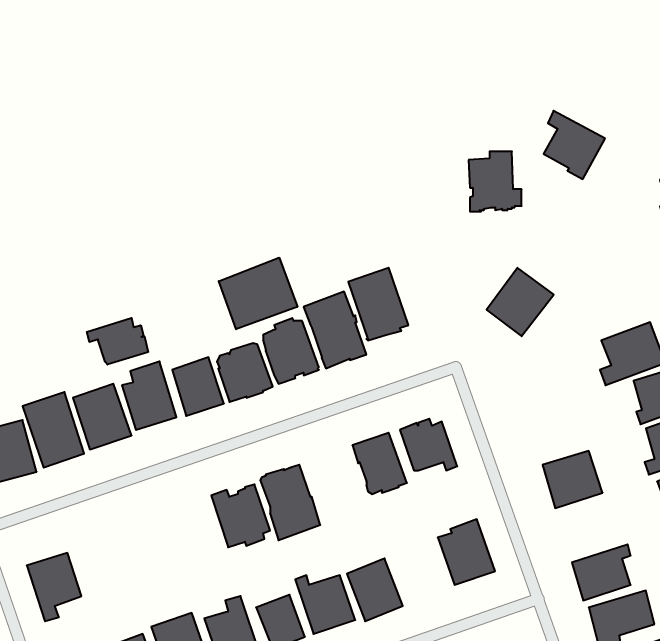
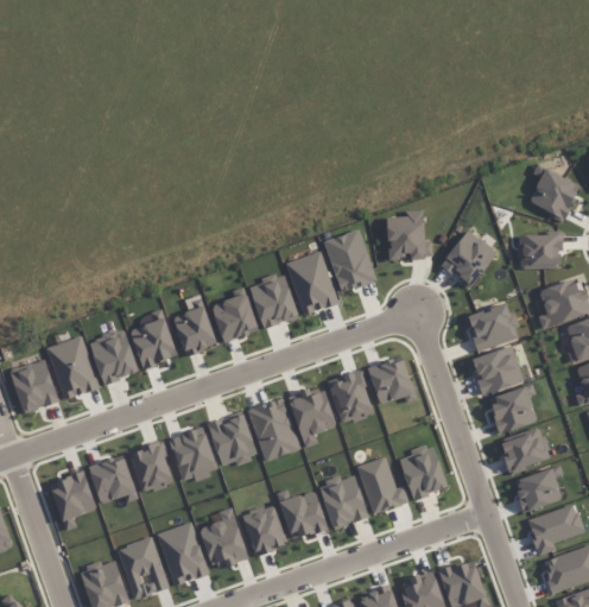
building: [544,111,605,179] -> [528,163,581,221]
building: [469,151,522,212] -> [386,209,431,260]
building: [219,258,297,329] -> none
building: none -> [518,233,563,268]
building: [87,318,148,365] -> none
building: none -> [466,303,519,350]
building: none -> [470,346,524,394]
building: none -> [287,387,335,445]
building: none -> [169,426,217,482]
building: none -> [499,428,550,472]
building: none -> [128,441,176,493]
building: none -> [88,455,135,502]
building: none -> [355,457,405,516]

